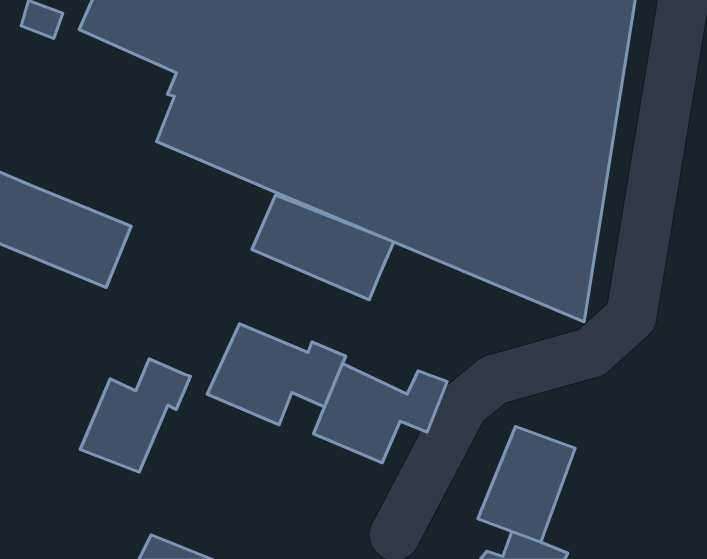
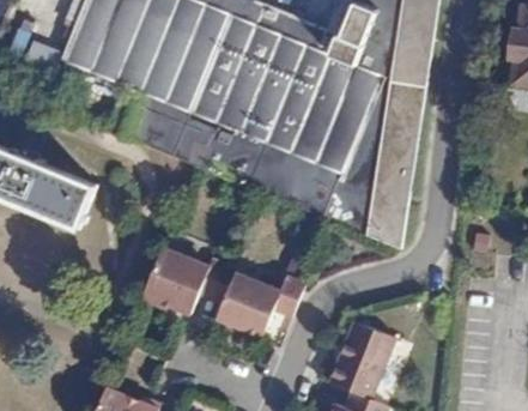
building: [252,195,394,300] -> none
building: [80,359,190,472] -> none

